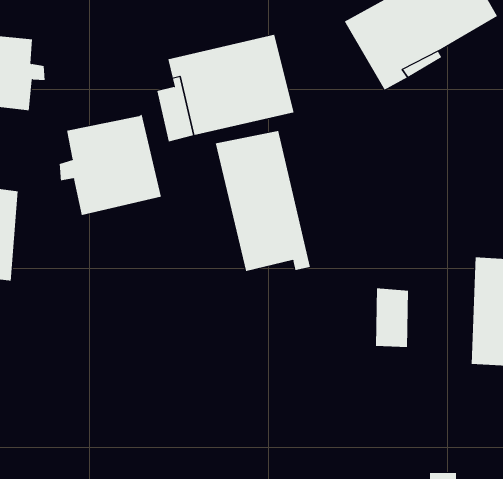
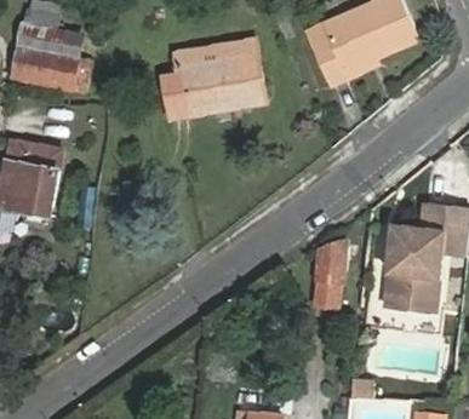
building: [59,114,162,216] -> none
building: [215,130,310,272] -> none

